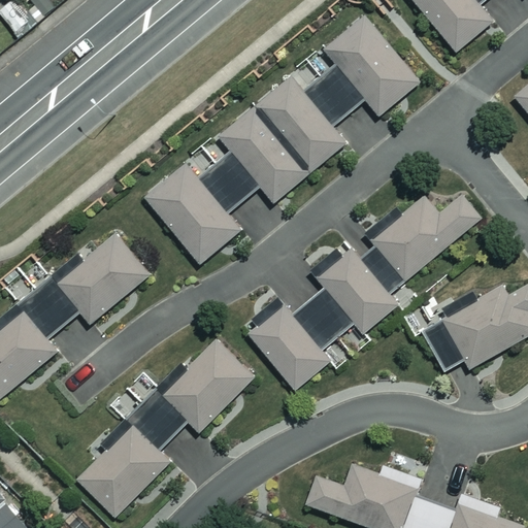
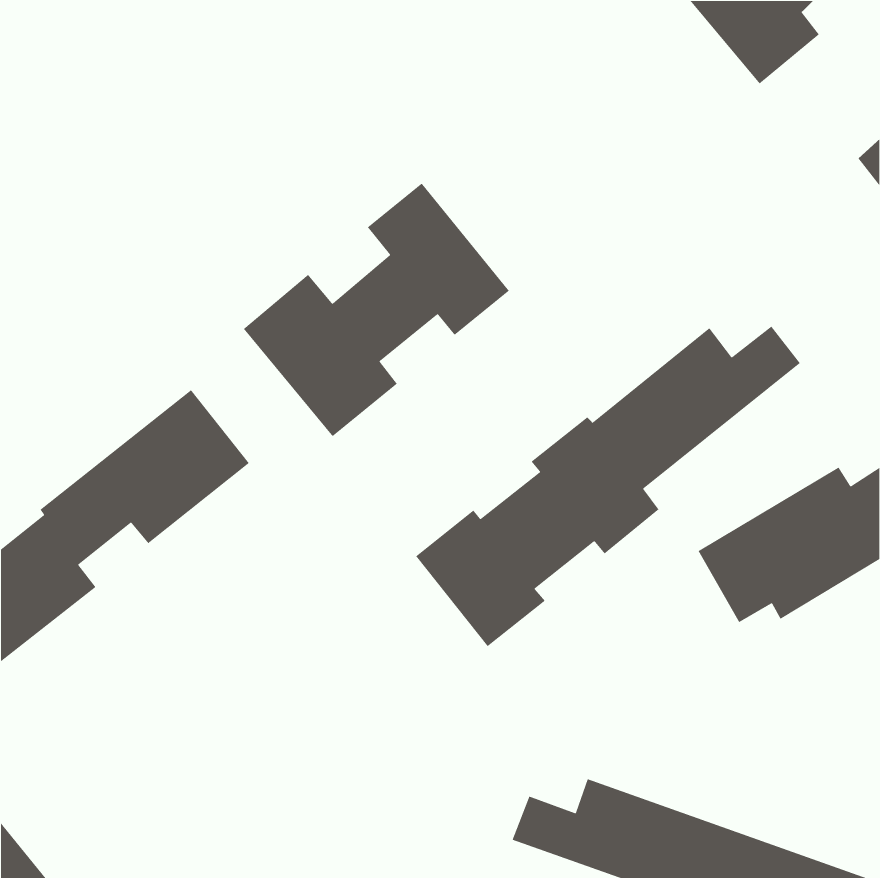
building: [259,18,418,170] -> none
building: [78,342,252,516] -> none

